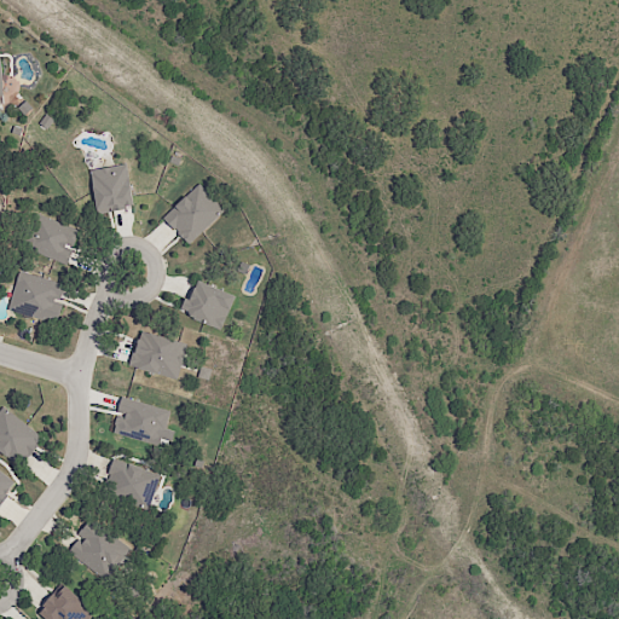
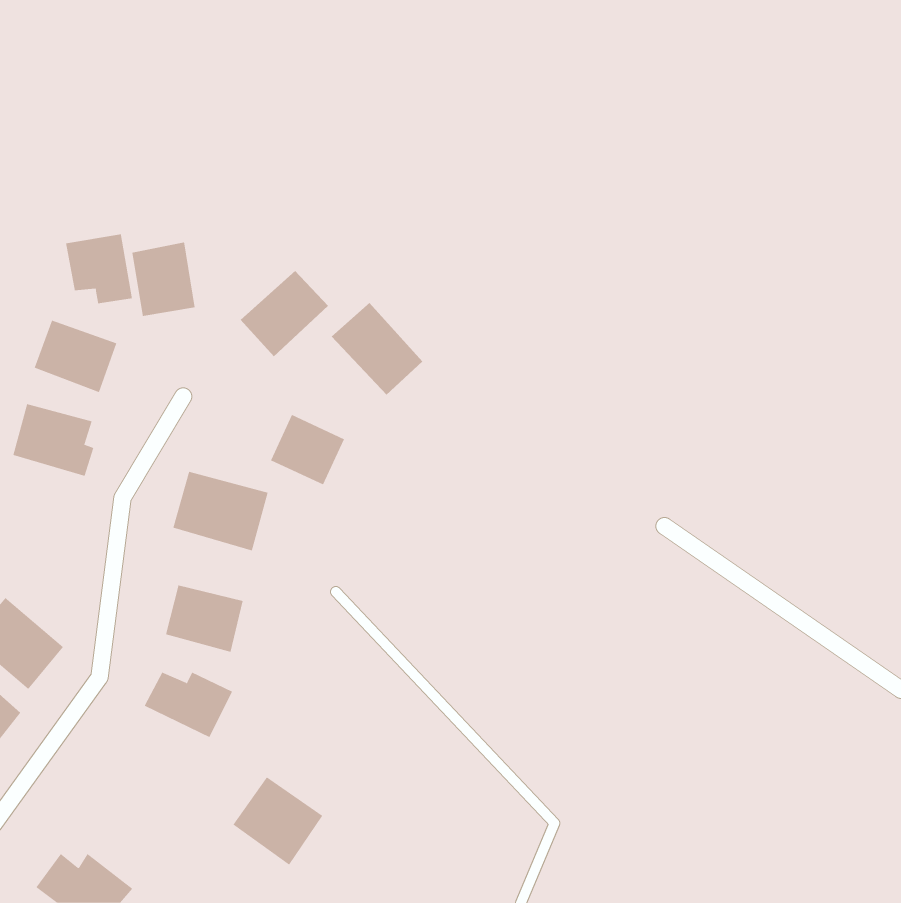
building: none -> [65,234,132,304]
building: none -> [331,302,423,395]
building: [70,522,132,583] -> [233,777,323,865]

